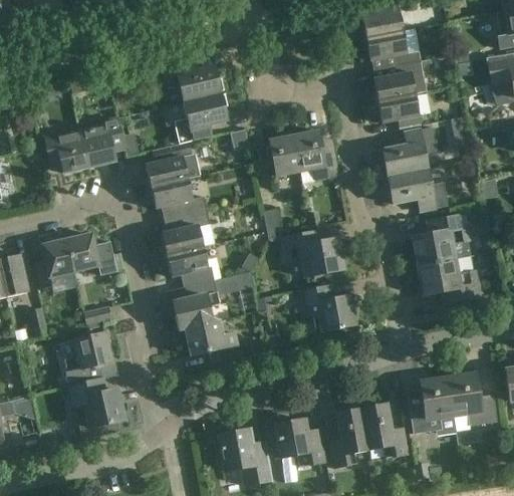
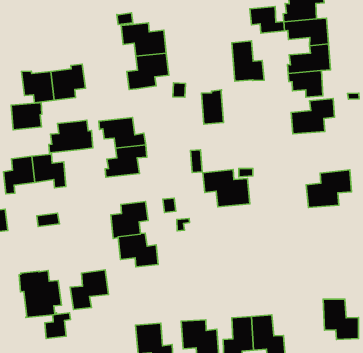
building: none -> [250,7,285,33]
building: [294,129,339,181] -> [232,41,264,81]
building: [145,141,200,186] -> [49,120,93,153]
building: [389,169,449,211] -> none
building: none -> [11,102,42,130]
building: [163,245,215,286] -> none
building: [418,258,480,303] -> none
building: [299,282,355,329] -> none
building: [63,331,111,385] -> [70,270,108,309]
building: [410,377,456,435] -> none
building: none -> [45,313,71,338]

